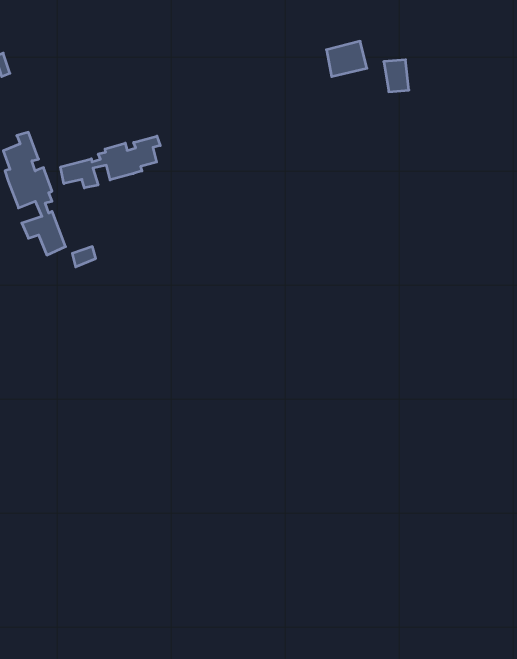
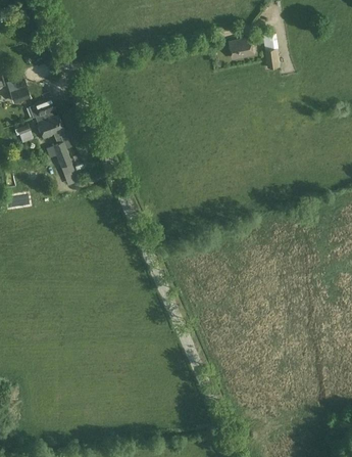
building: [61,136,160,188] -> none

